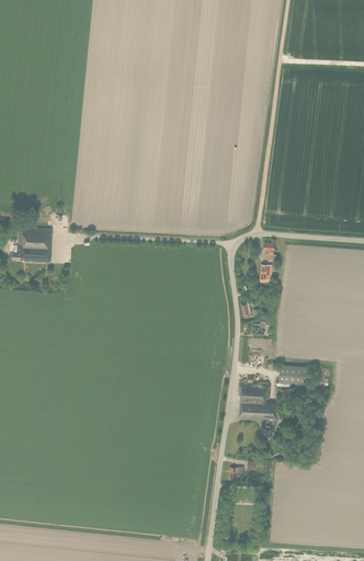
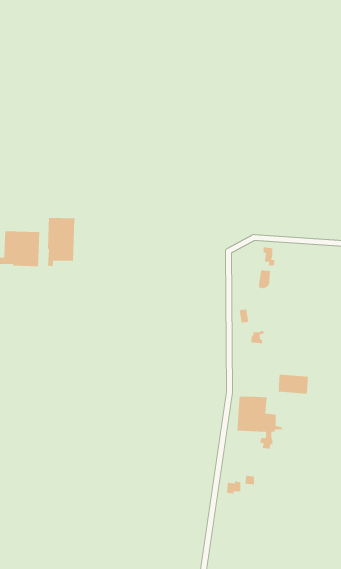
building: none -> [47,217,75,267]

